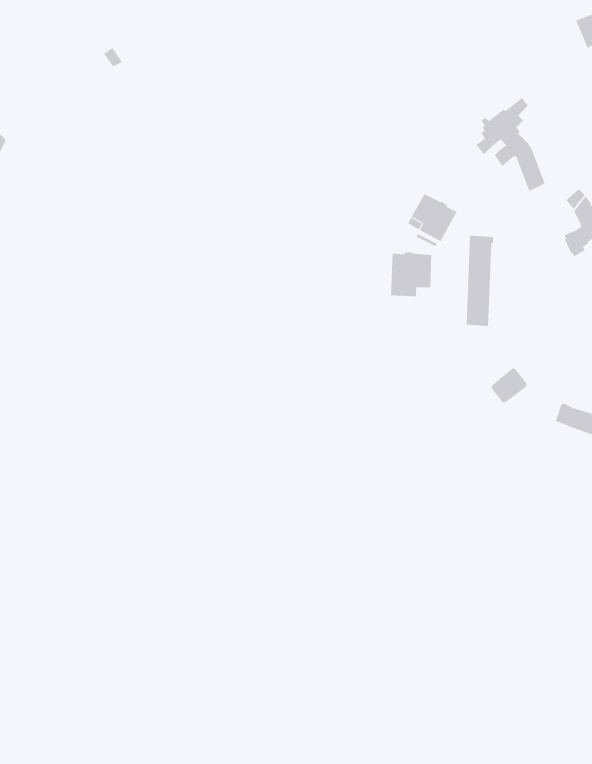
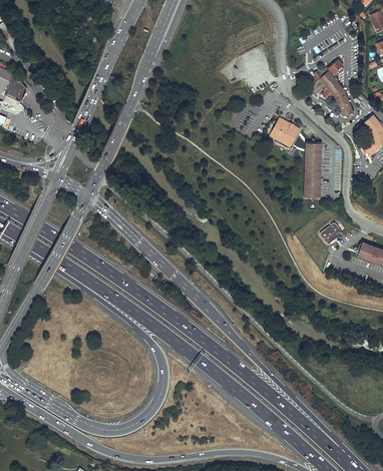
building: [391,251,432,297] -> none

